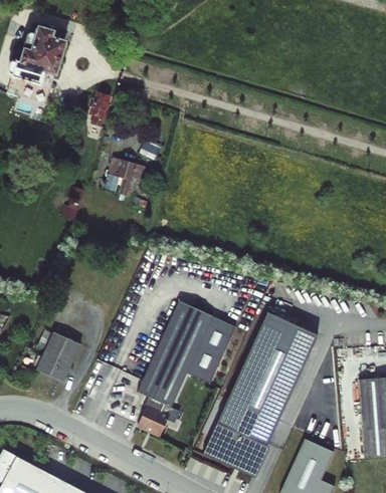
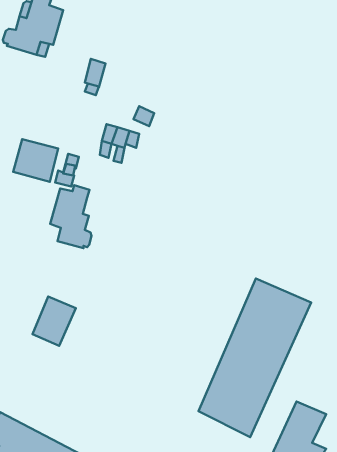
building: none -> [13,139,58,182]
building: none -> [50,185,92,248]
building: [137,300,234,436] -> none

